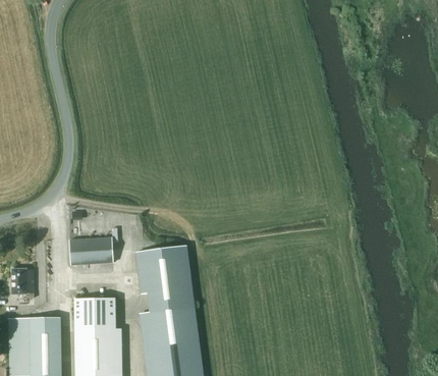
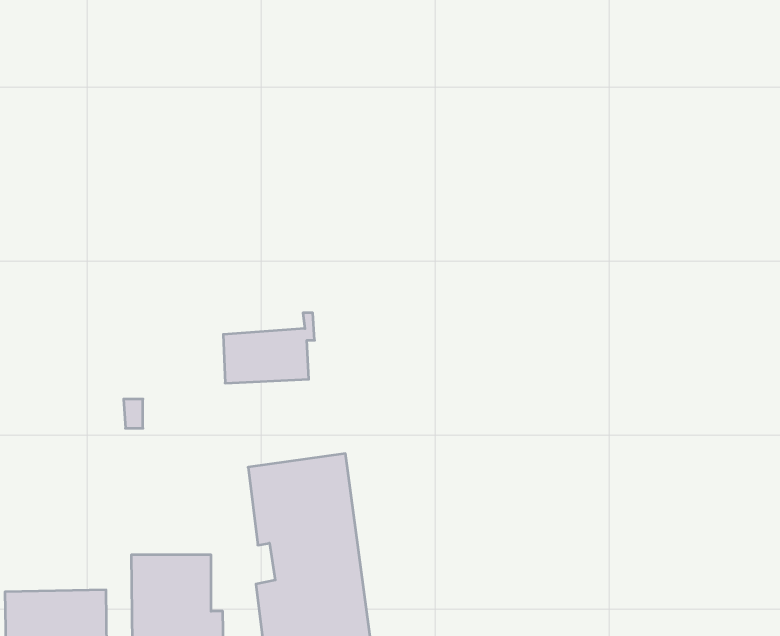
building: [68,227,116,264] -> [223,313,315,383]
building: [10,268,34,298] -> none

